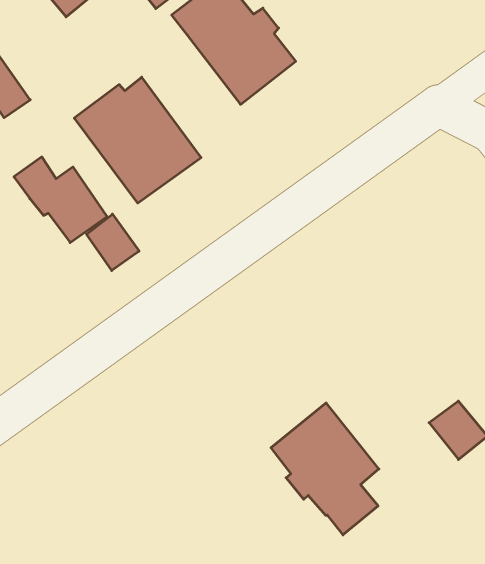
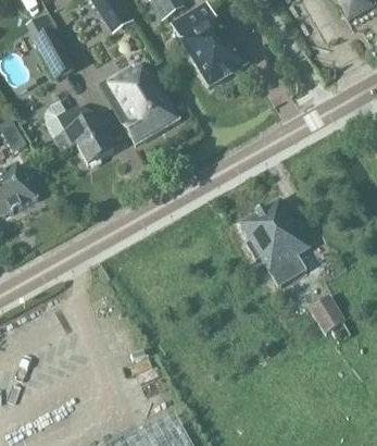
building: [87,214,139,271] -> none
building: [271,403,379,535] -> [241,198,310,285]

